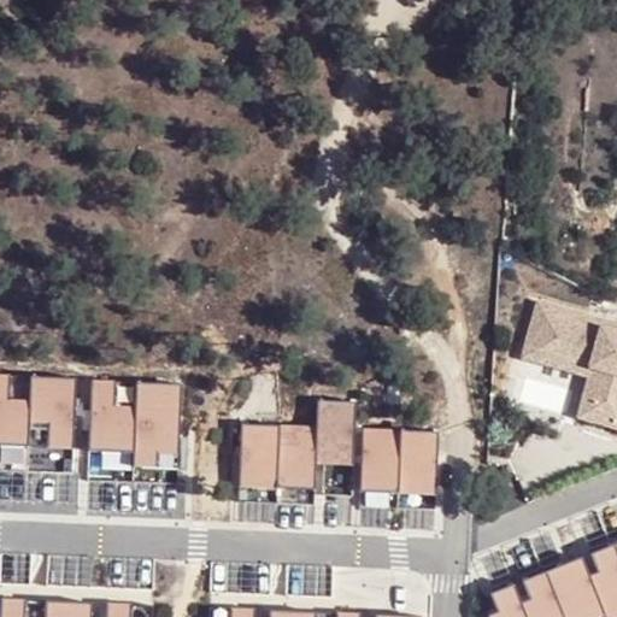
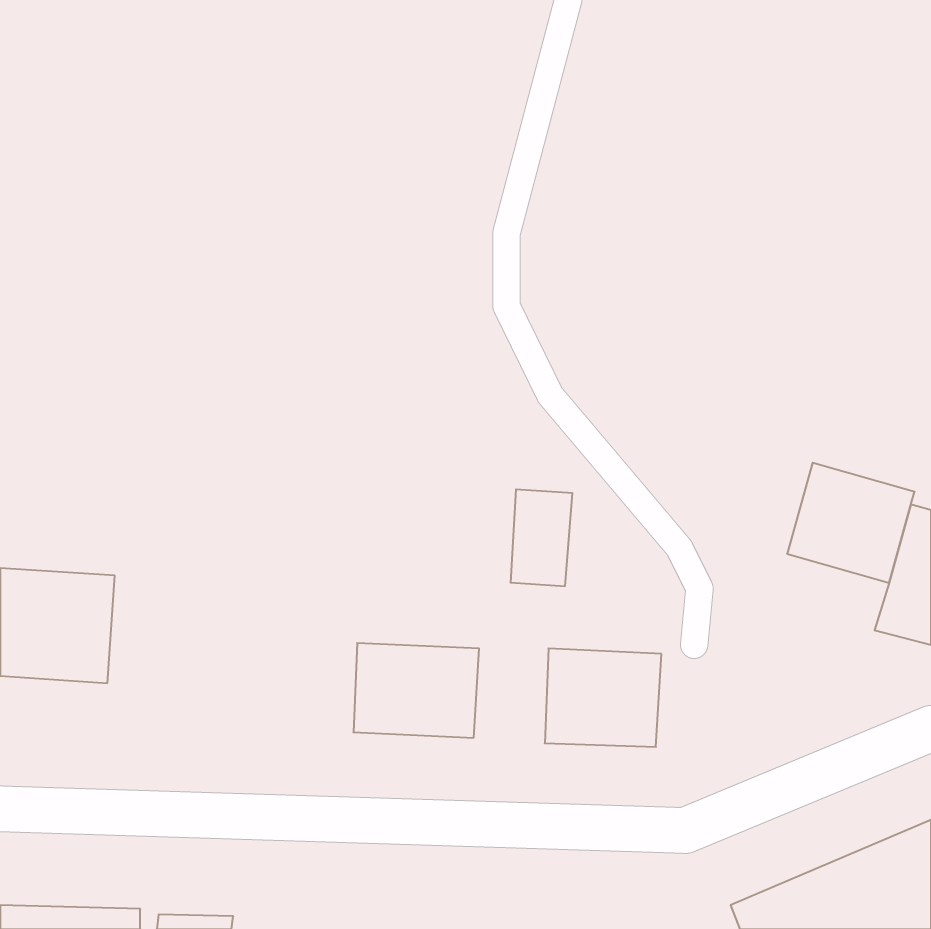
building: [89,381,180,453] -> none
building: [317,399,358,463] -> [510,489,572,586]

